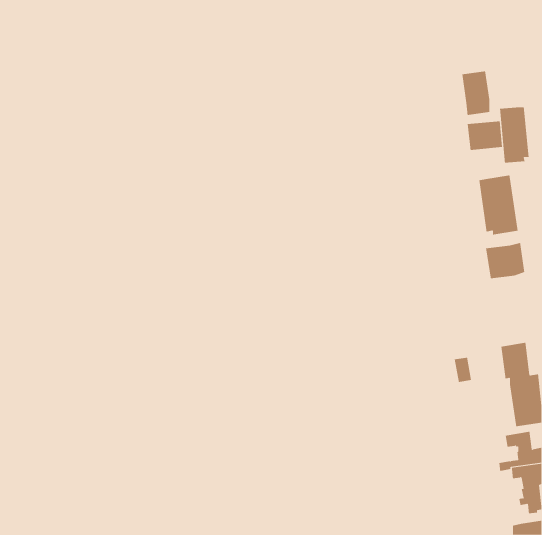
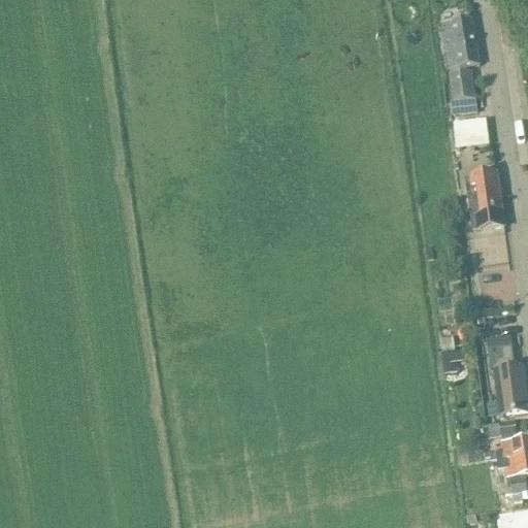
building: none -> [441,16,480,67]
building: [499,106,529,163] -> none
building: [486,242,525,279] -> none

